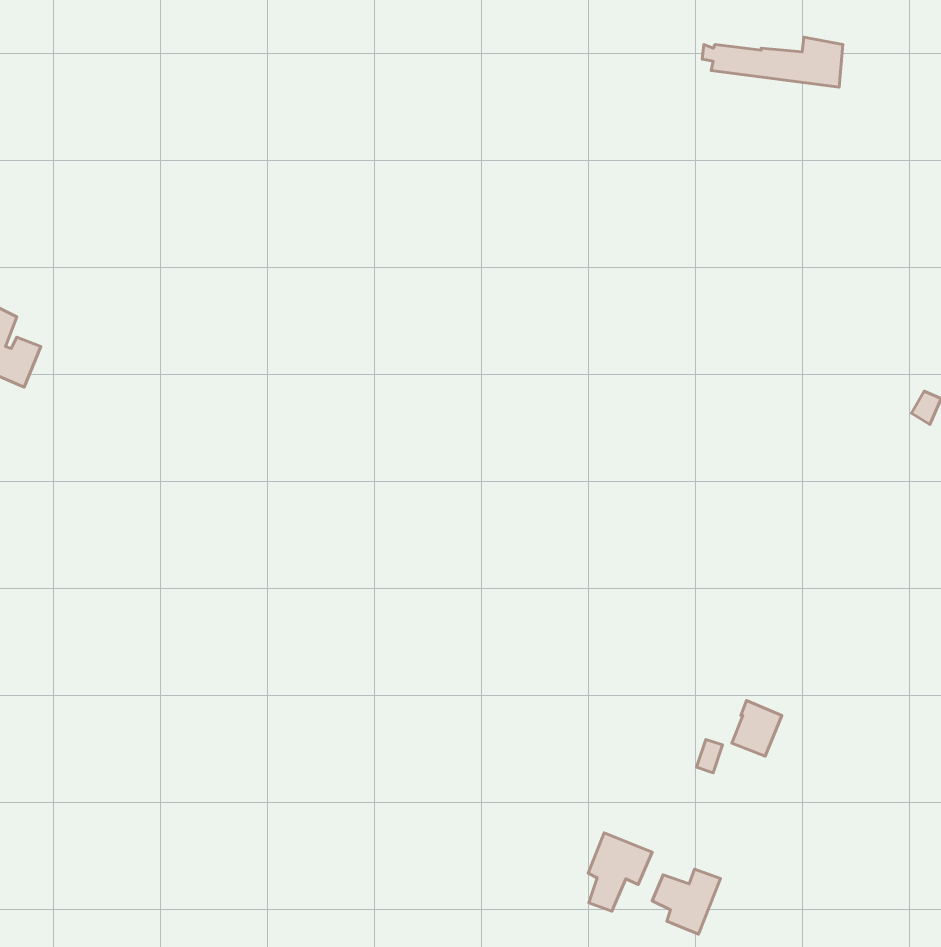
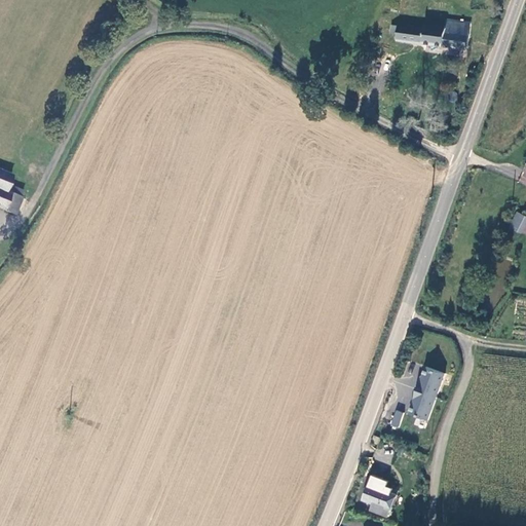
building: none -> [414,366,443,397]
building: [588,833,652,911] -> none

